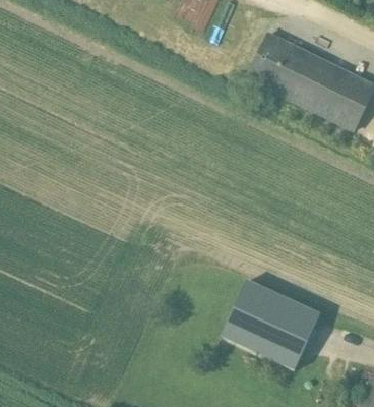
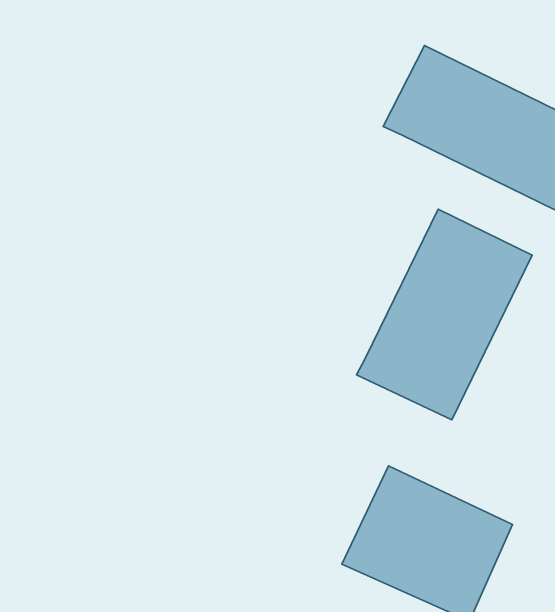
building: none -> [356,209,532,420]

